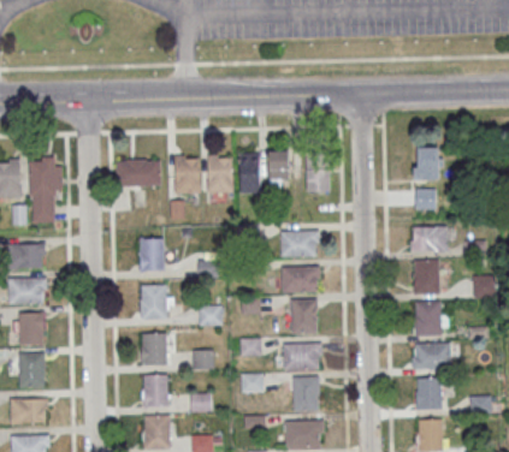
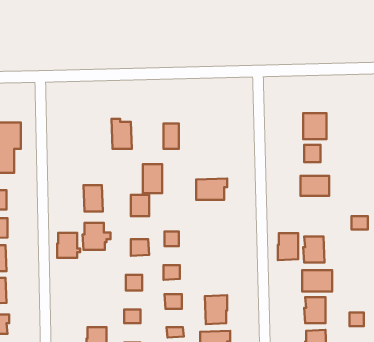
building: [268,150,289,186] -> none
building: [208,156,232,192] -> [143,164,162,193]
building: [116,159,161,185] -> none
building: [307,163,329,191] -> none
building: [414,260,439,293] -> [278,233,298,260]
building: [284,267,318,292] -> none
building: [290,299,316,333] -> none
building: [141,333,170,364] -> [57,233,80,258]
building: [283,343,321,369] -> none
building: [142,374,170,406] -> none

